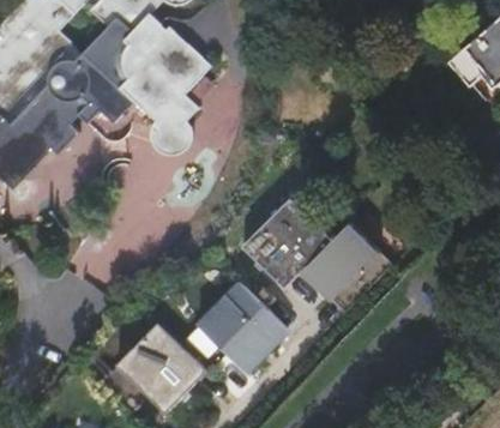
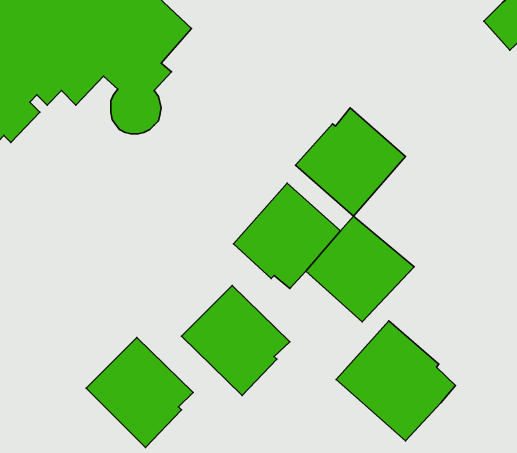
building: none -> [296,108,405,216]
building: none -> [336,321,456,441]

